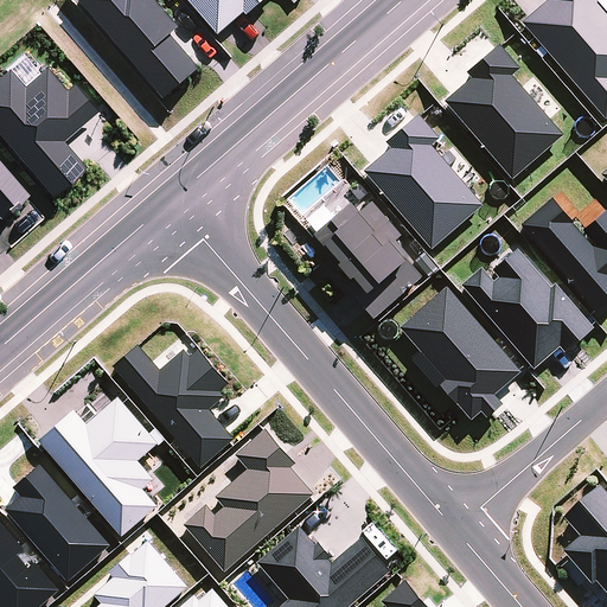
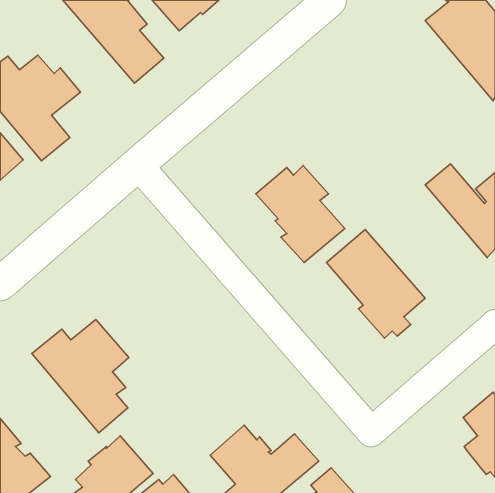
building: [443,49,564,184] -> none
building: [363,119,483,254] -> none
building: [460,244,592,365] -> none
building: [113,340,235,464] -> none
building: [184,424,313,567] -> none
building: [8,460,113,577] -> none

